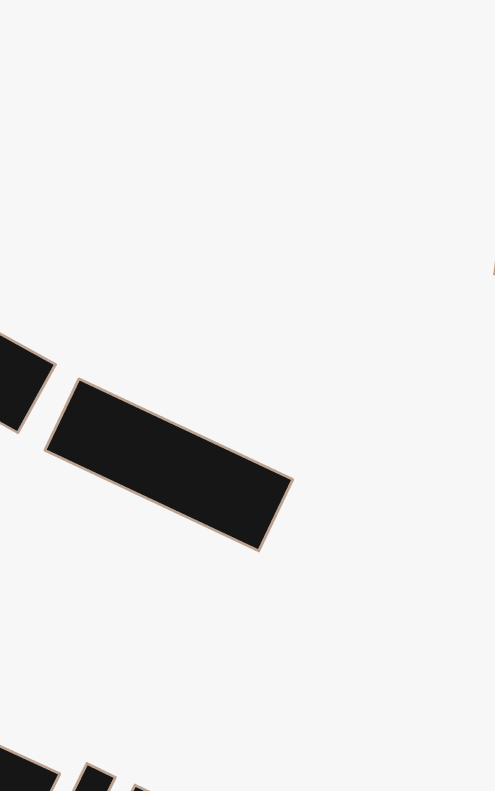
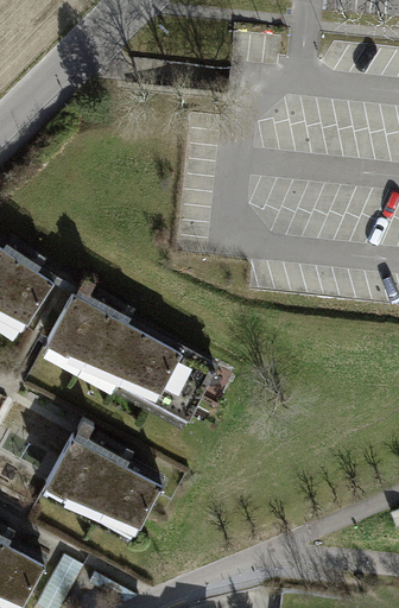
building: none -> [42,437,159,536]

